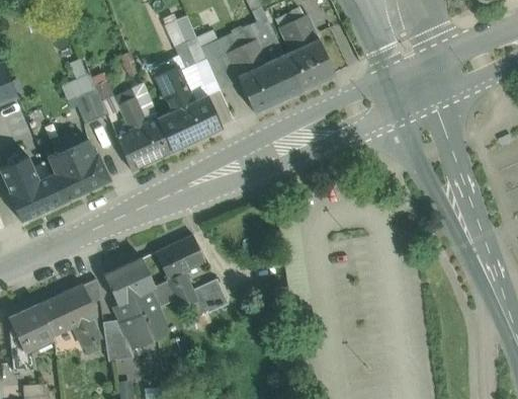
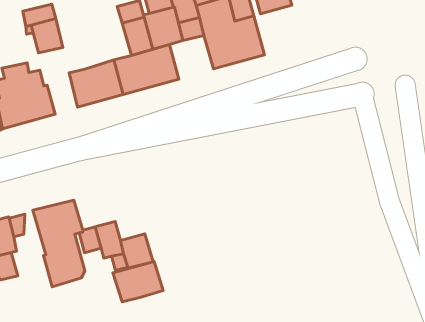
building: [284,38,335,90] -> none
building: [118,97,148,132] -> none
building: [155,236,205,280] -> [113,262,163,302]
building: [103,322,134,361] -> none

